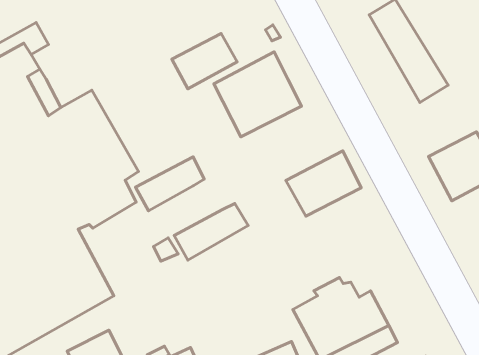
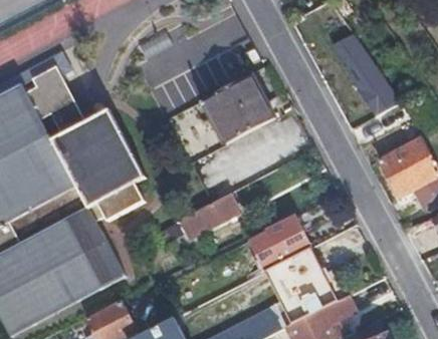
building: [286,151,361,216] -> [250,218,311,271]
building: [135,157,204,211] -> none

